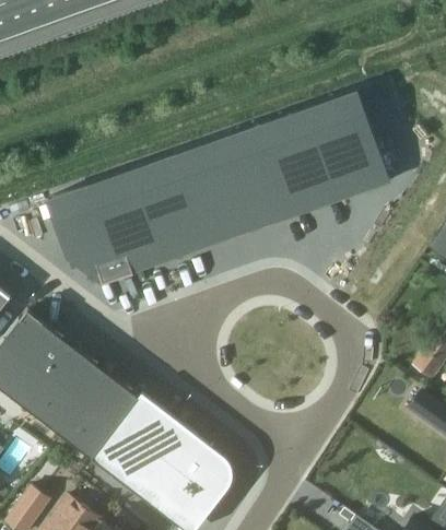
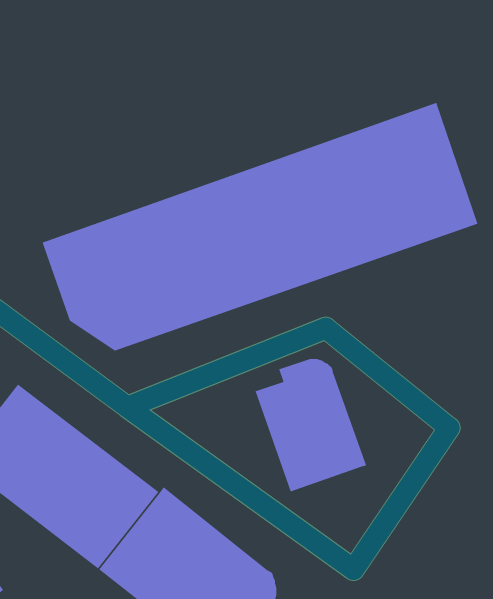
building: none -> [254,358,367,492]

